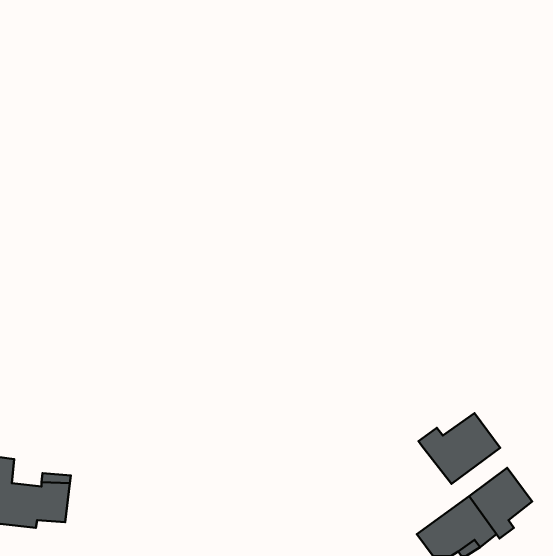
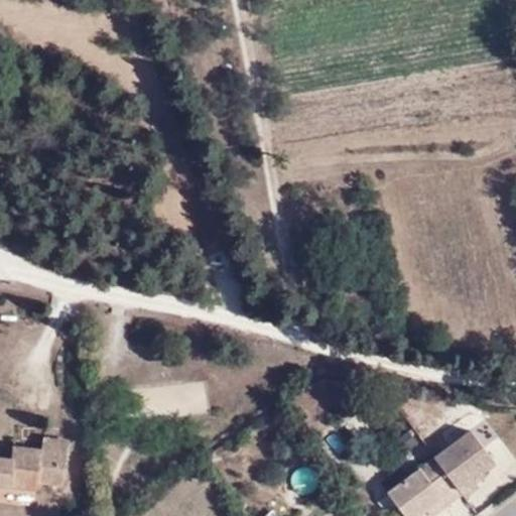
building: [418,413,500,484] -> none

